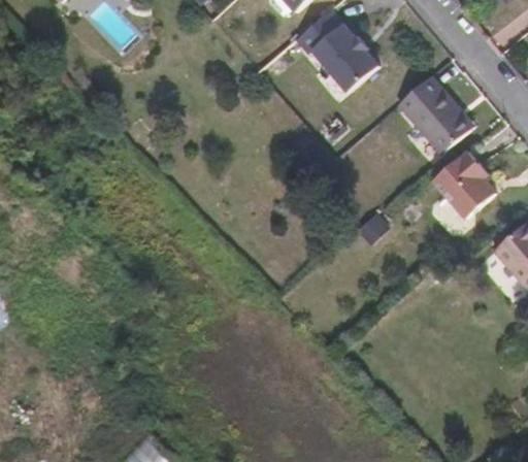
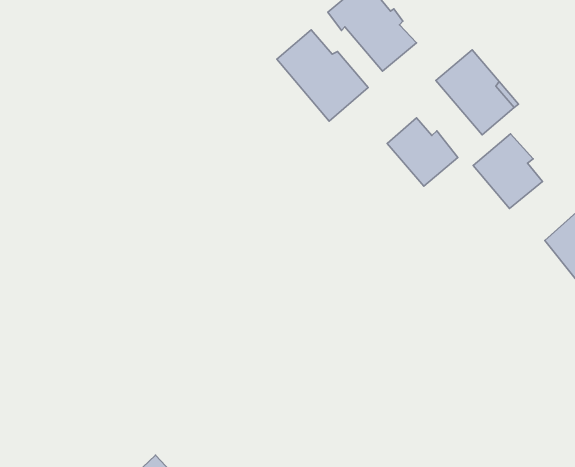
building: none -> [277,30,368,121]
building: none -> [387,118,458,186]

